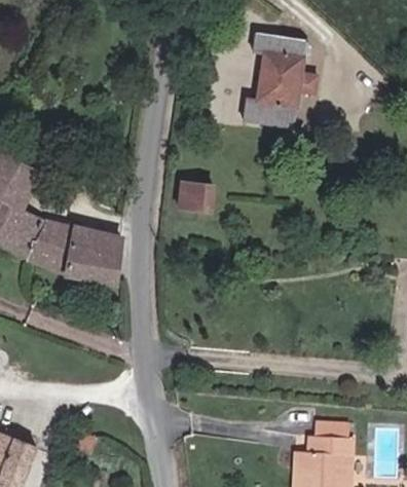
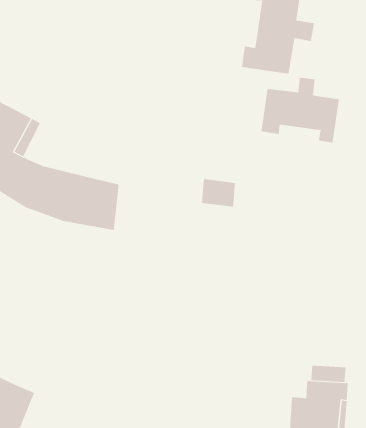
building: none -> [261,77,339,143]
building: [178,182,213,211] -> [201,179,236,207]

